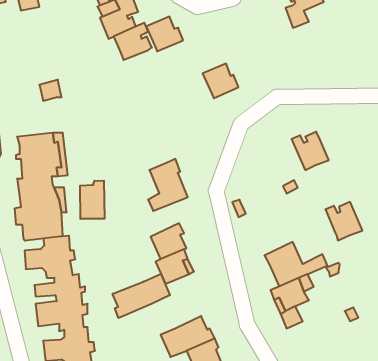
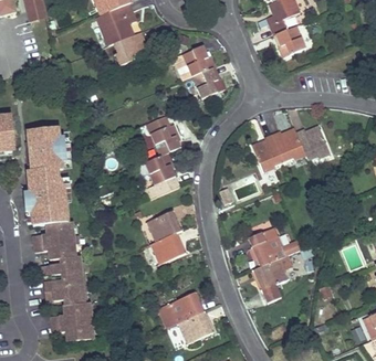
building: none -> [276,25,306,57]
building: [146,17,183,51] -> [182,45,216,76]
building: none -> [146,115,180,156]
building: none -> [252,135,284,170]
building: [80,181,105,219] -> none
building: [325,202,362,240] -> [296,126,330,160]
building: [113,274,170,318] -> none

